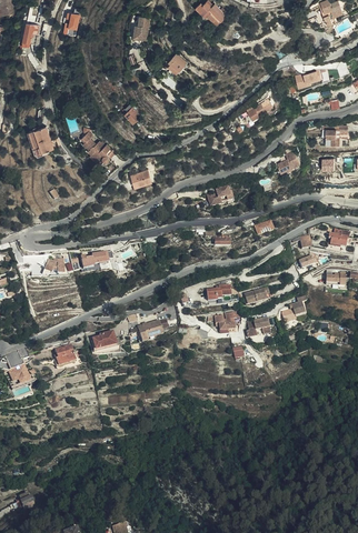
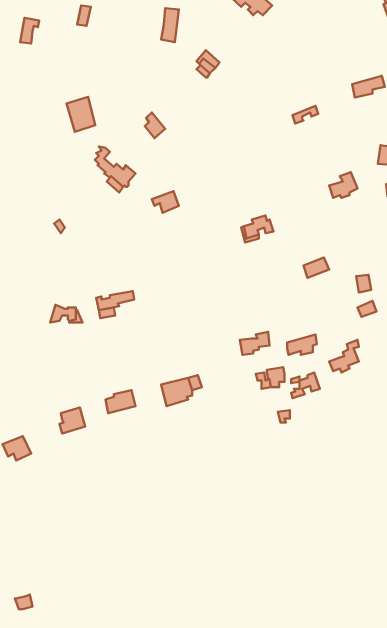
building: [31,123,54,152] -> [67,97,95,132]

